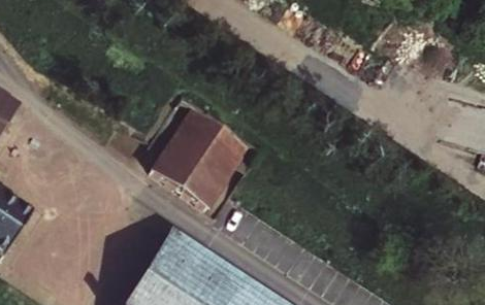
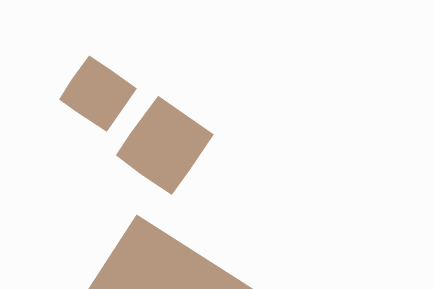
building: none -> [58,54,138,133]

